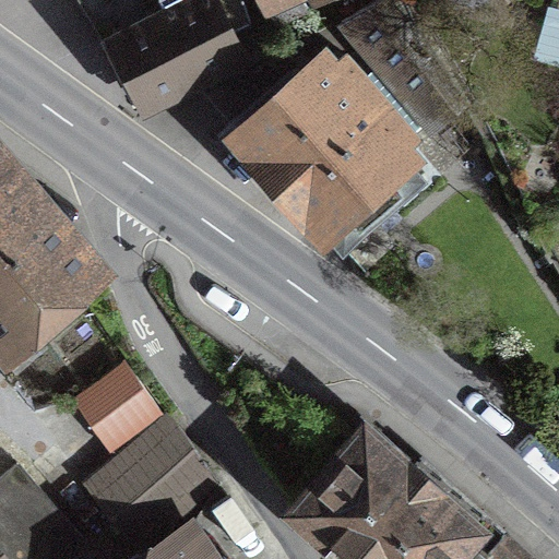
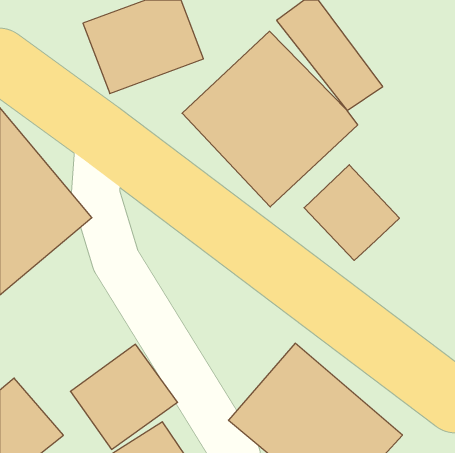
building: none -> [304,165,399,260]
building: [73,367,166,462] -> none

